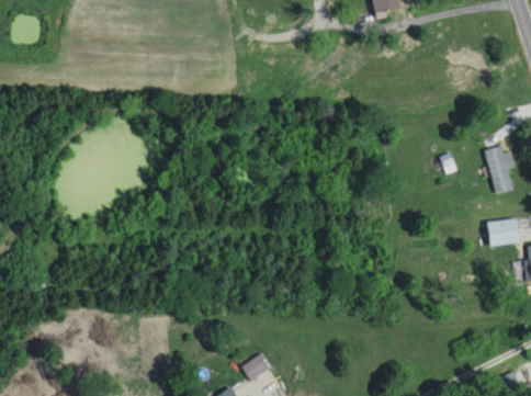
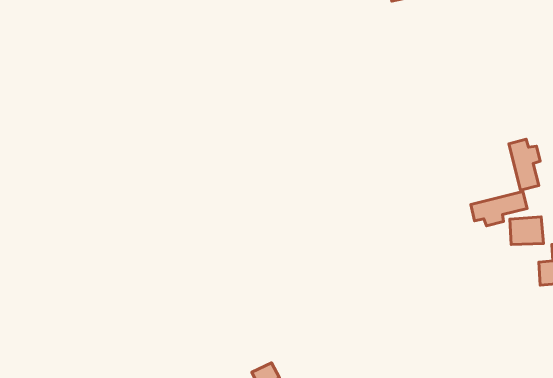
building: none -> [471,191,527,226]

